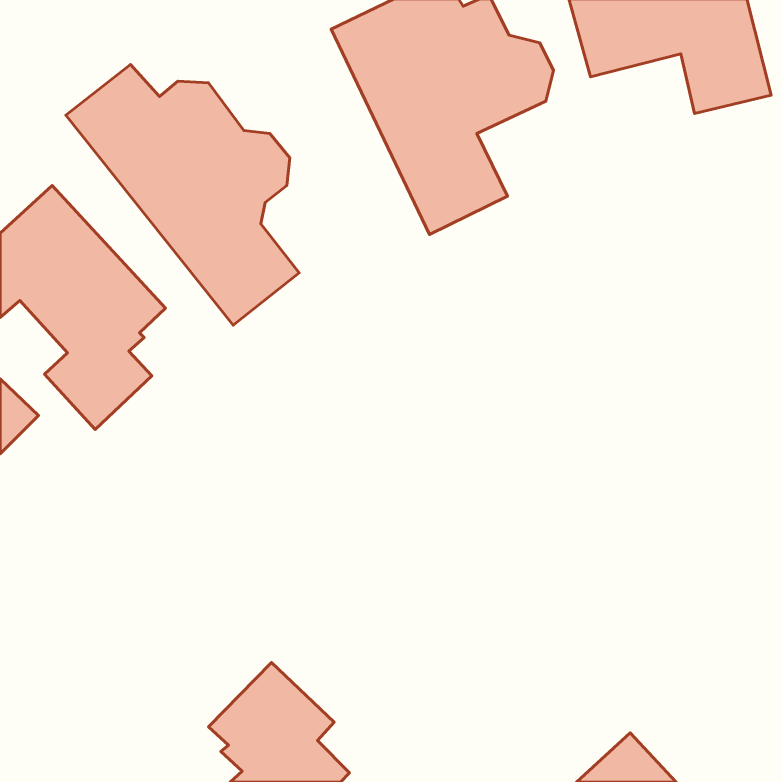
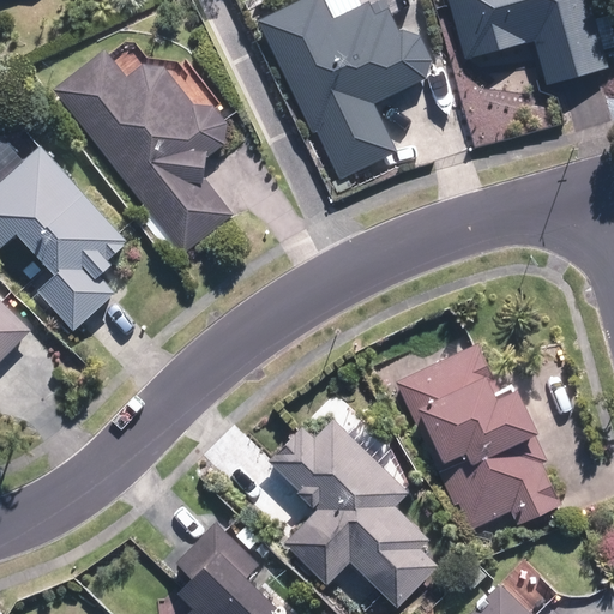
building: none -> [396,338,561,531]
building: none -> [266,403,437,606]

